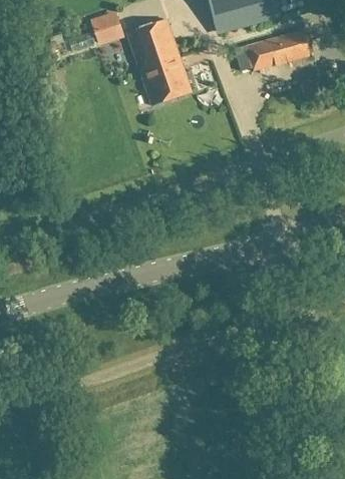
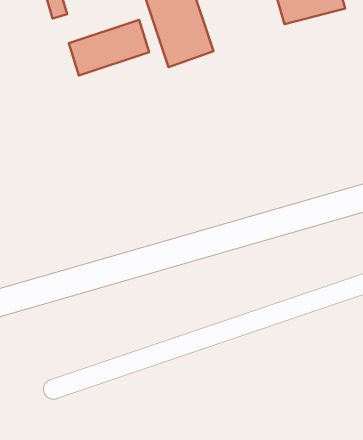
building: none -> [69,20,149,75]

